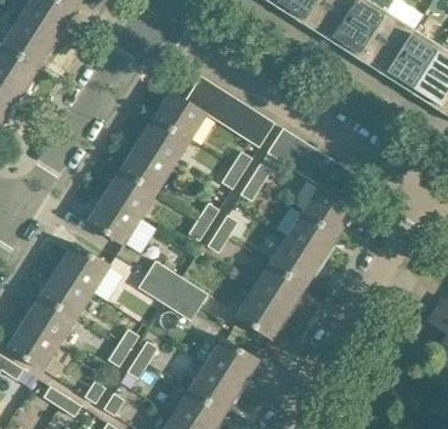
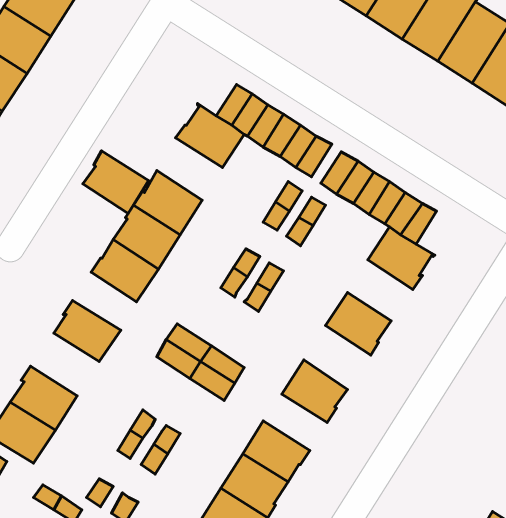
building: [138,118,189,166] -> [83,151,148,213]
building: [287,212,338,259] -> none
building: [253,263,305,313] -> none
building: [40,269,93,318] -> none

